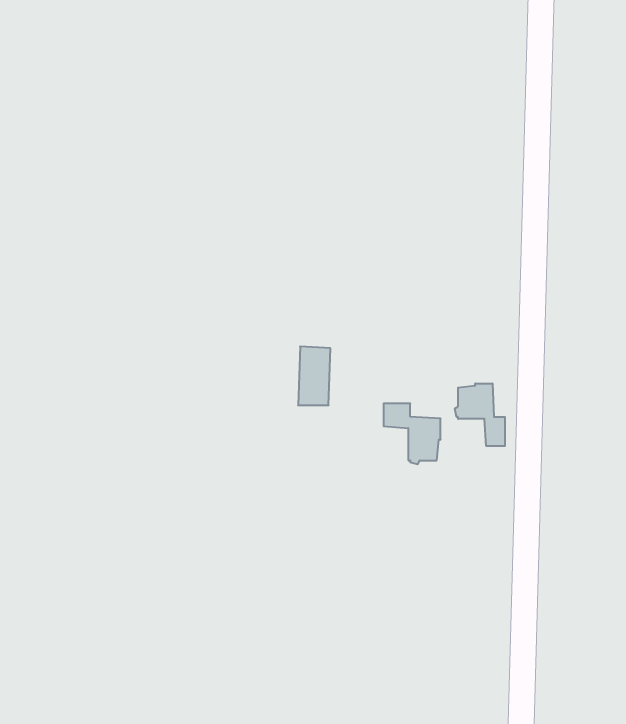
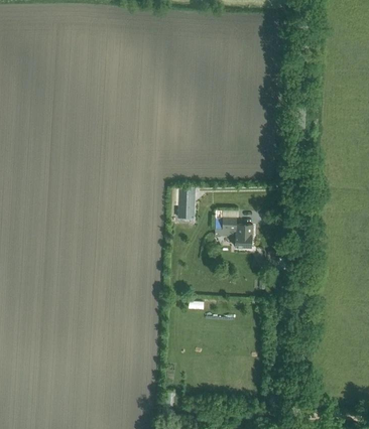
building: [455,383,505,446] -> none

